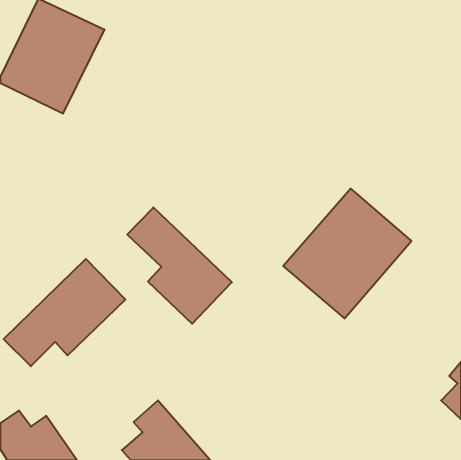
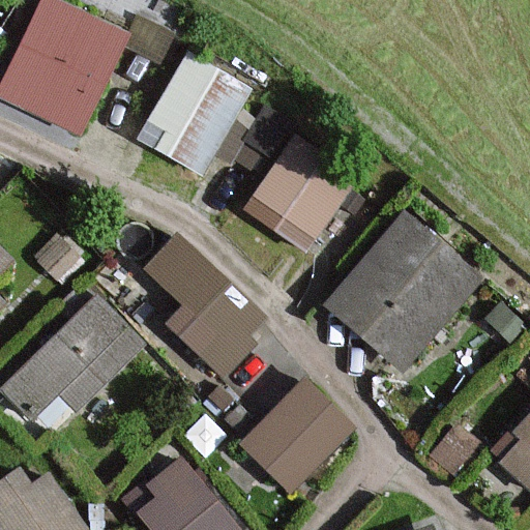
building: none -> [137,54,247,174]
building: none -> [246,144,346,246]
building: none -> [242,385,346,489]

